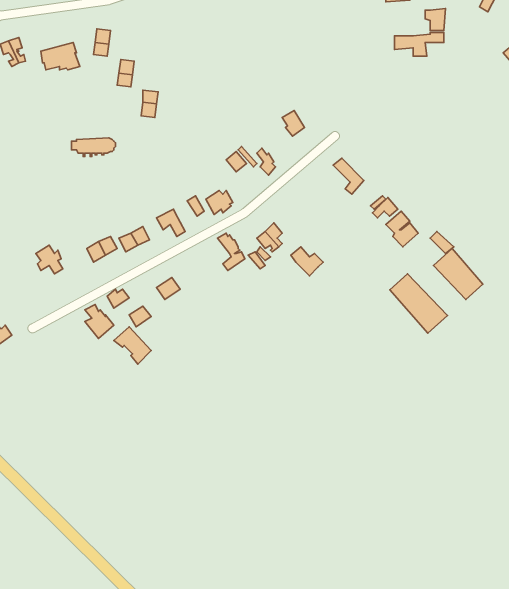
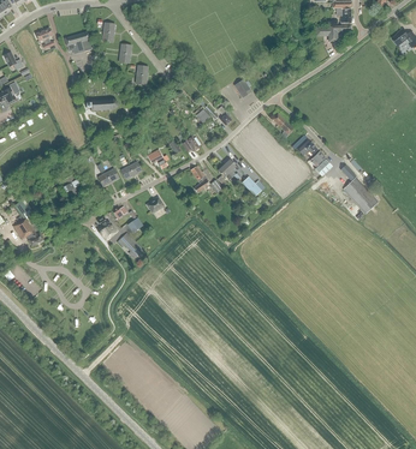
building: [390,274,447,333] -> none

